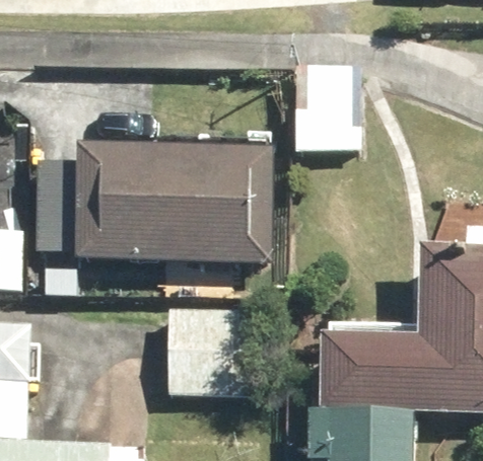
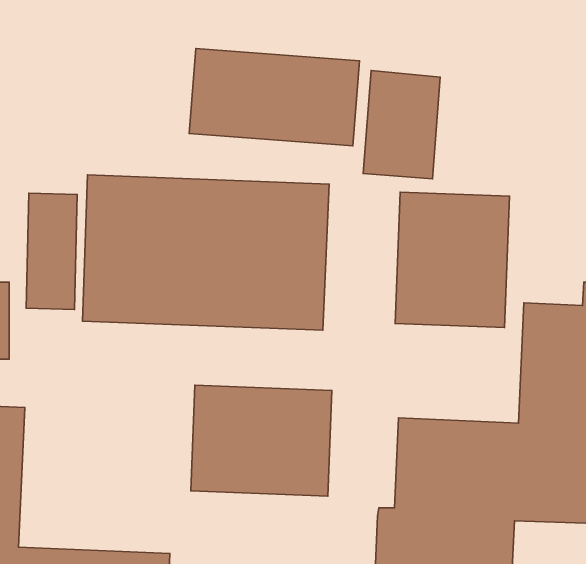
building: none -> [189,48,360,146]
building: none -> [395,192,510,328]

